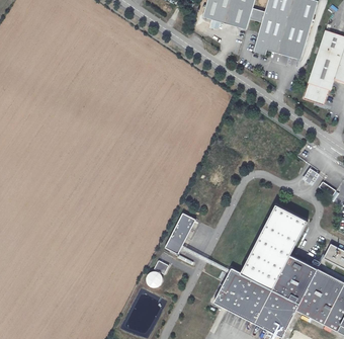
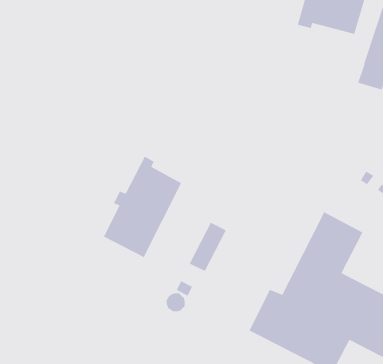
building: none -> [103,156,182,258]

